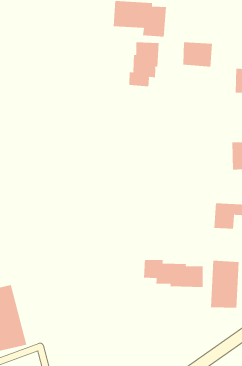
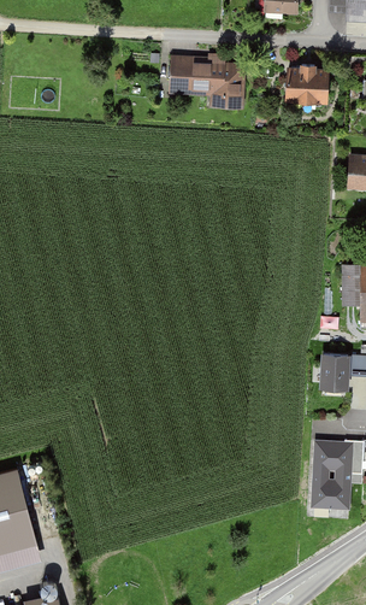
building: [129,41,159,87] -> none
building: [183,42,213,67] -> [282,66,326,104]
building: [144,259,203,288] -> none

